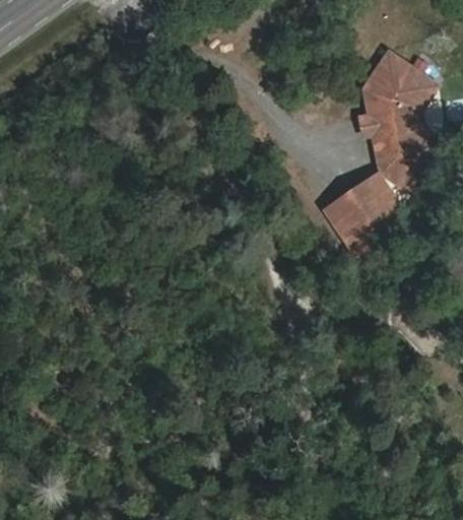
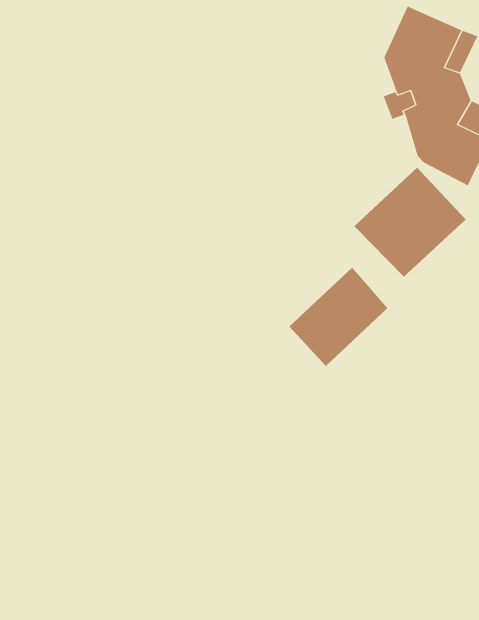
building: none -> [288,267,388,367]

